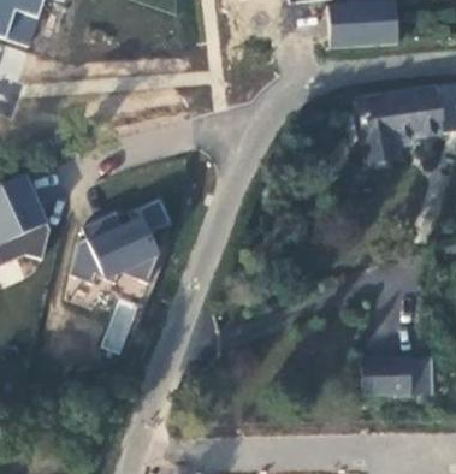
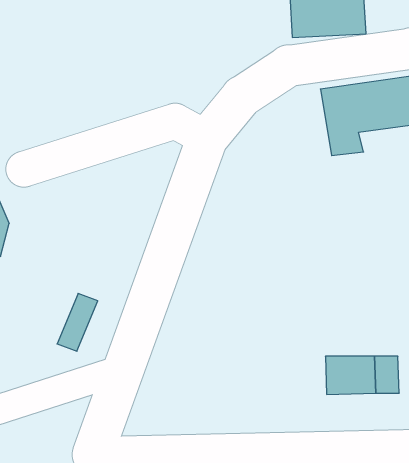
building: [67,196,174,283] -> none

